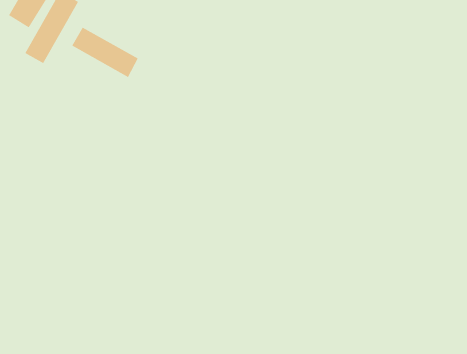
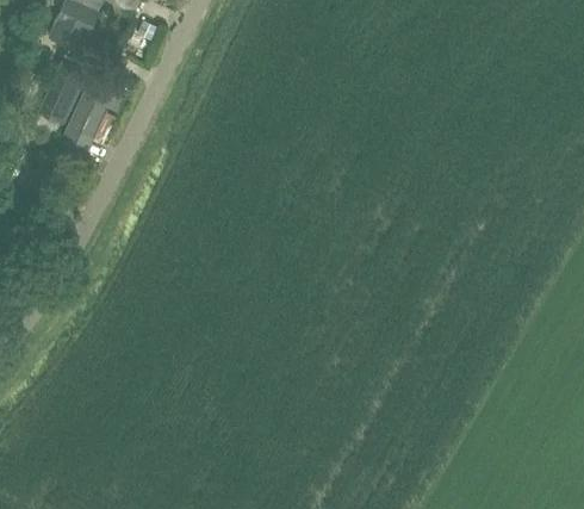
building: [72,27,138,78] -> none

